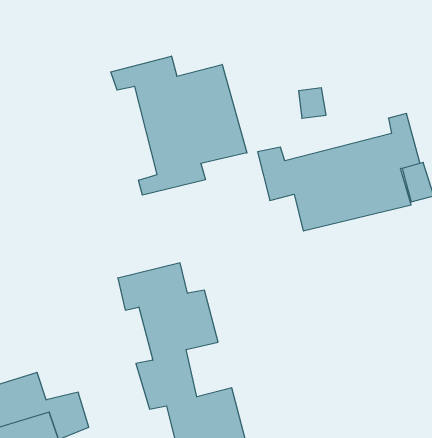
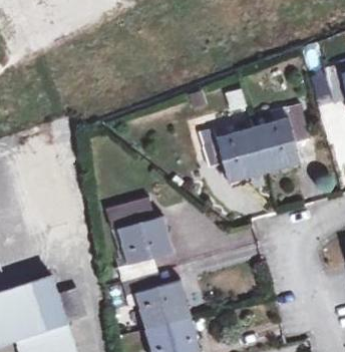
building: [111,56,247,195] -> none

